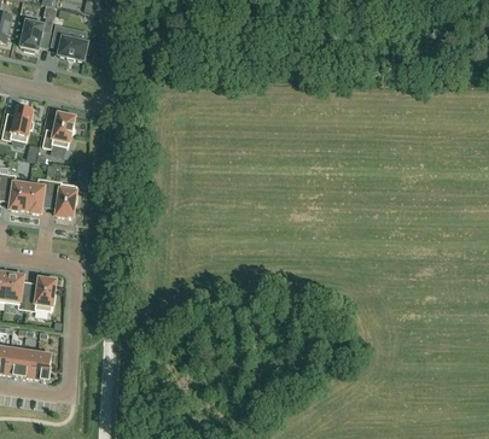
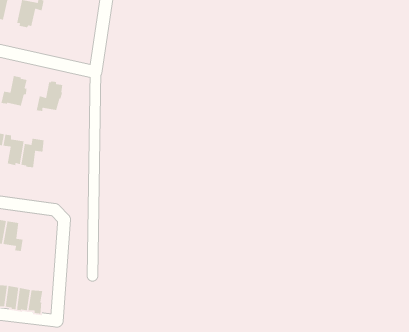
building: [52,23,89,59] -> none
building: [51,178,76,215] -> none
building: [25,275,54,309] -> none

